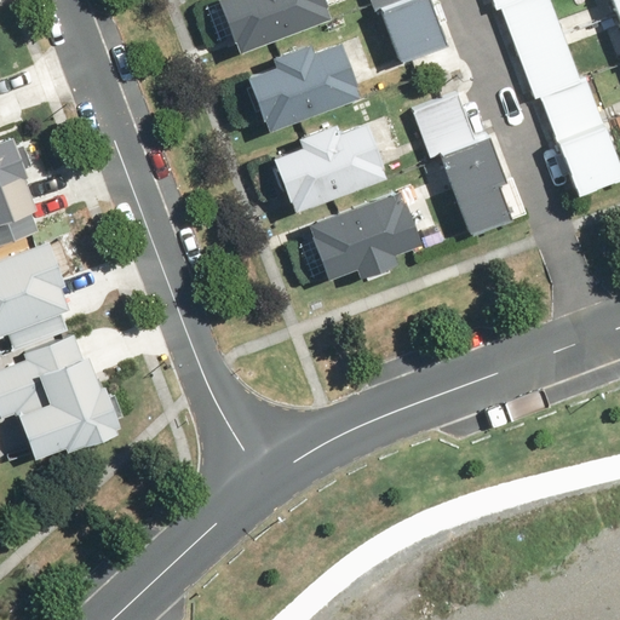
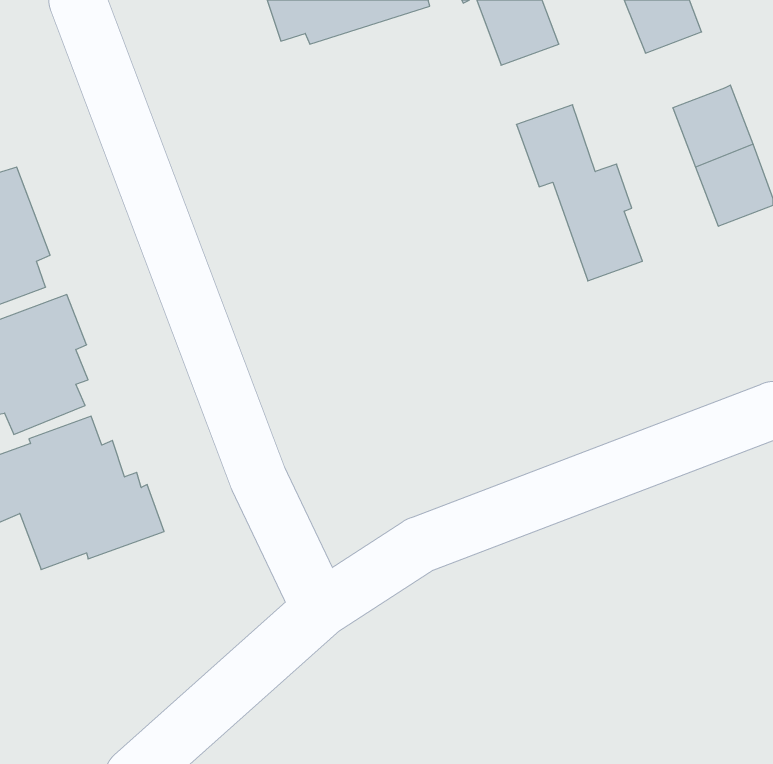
building: [249,35,374,126] -> none
building: [515,35,578,97] -> none
building: [283,113,404,209] -> none
building: [298,185,436,279] -> none

